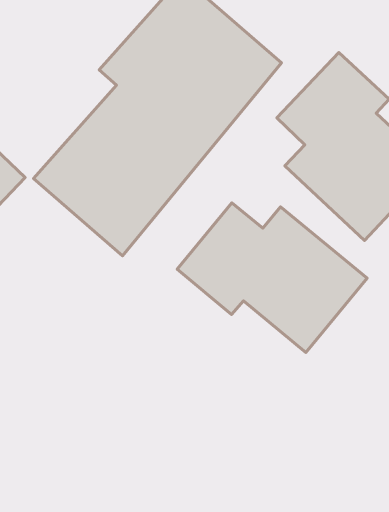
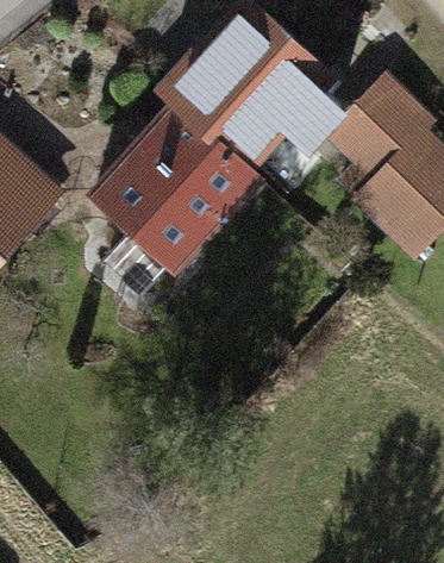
building: [177,203,367,352] -> none

